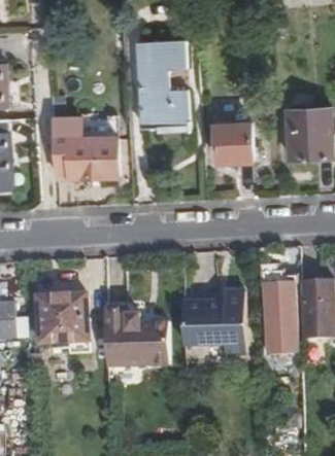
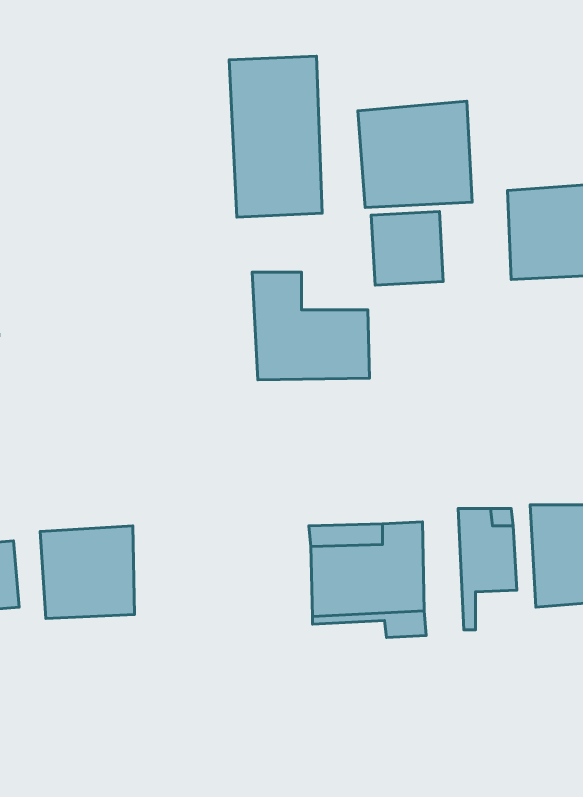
building: none -> [358,101,472,208]
building: [53,119,116,178] -> [252,272,370,380]
building: [105,310,169,366] -> none

